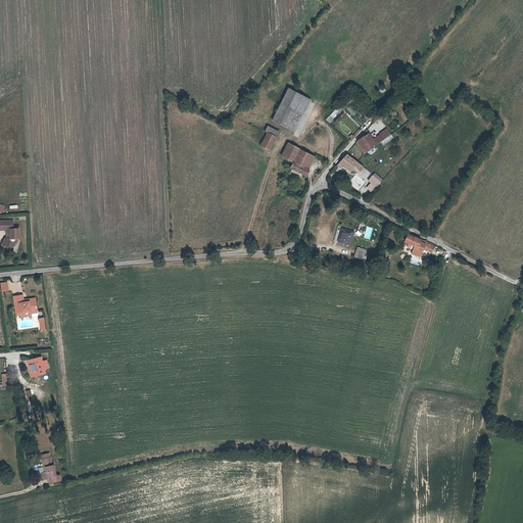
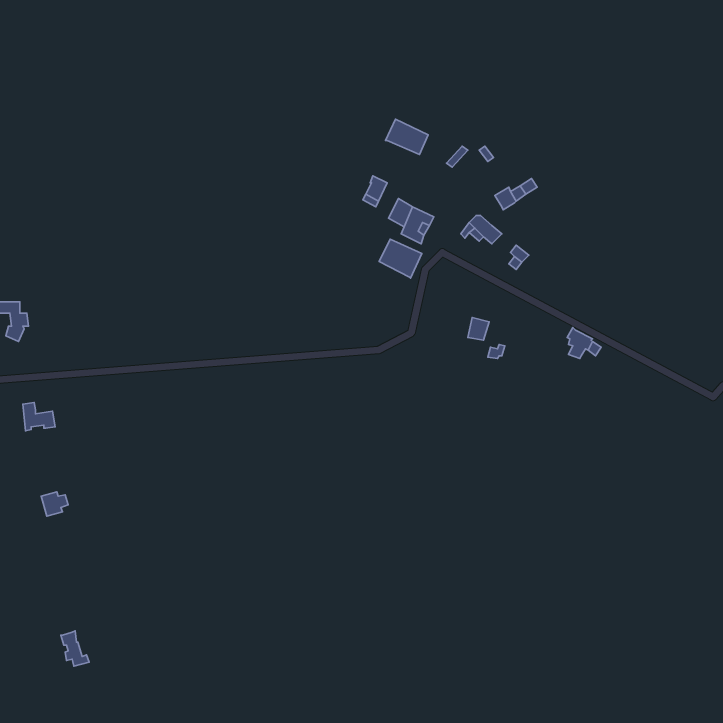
building: [272,102,302,129] -> none
building: none -> [379,239,422,278]

